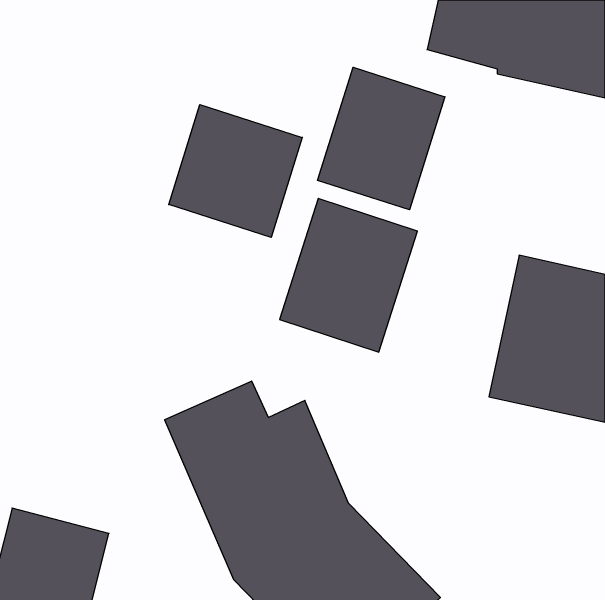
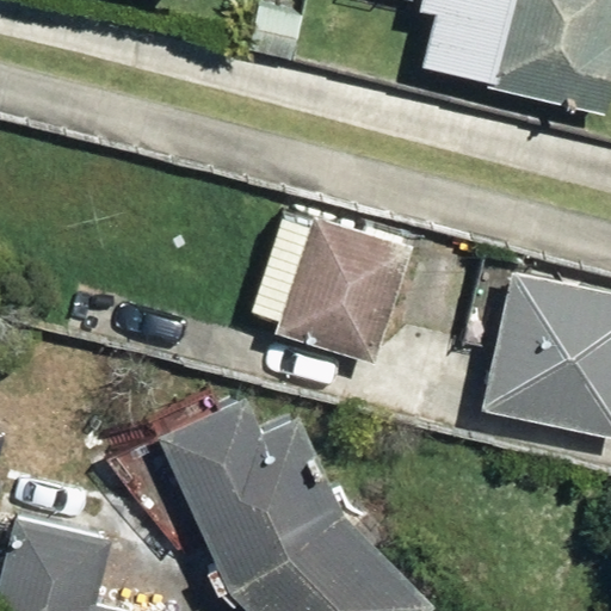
building: [318,67,445,210] -> none
building: [169,105,302,237] -> none

